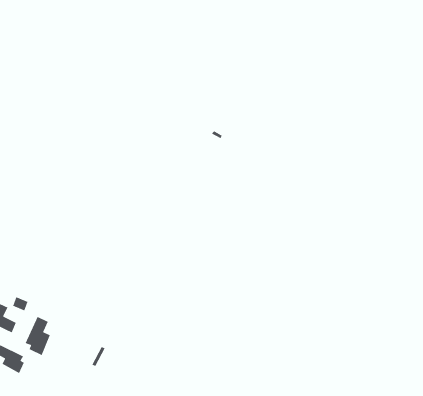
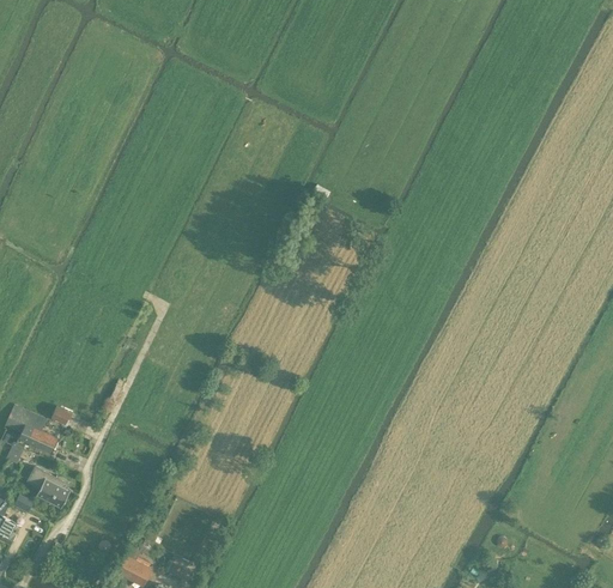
building: [24,316,51,356] -> none

